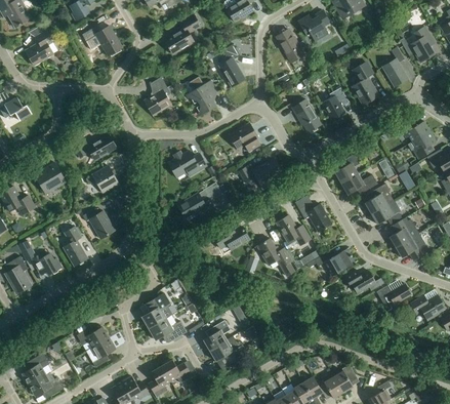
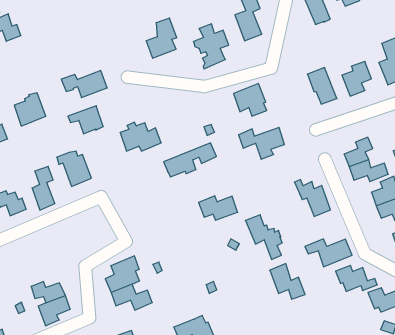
building: [169,150,207,177] -> [120,122,161,151]
building: [277,214,312,245] -> [270,264,305,299]
building: [204,320,232,350] -> none

